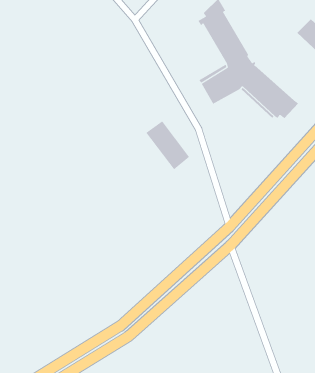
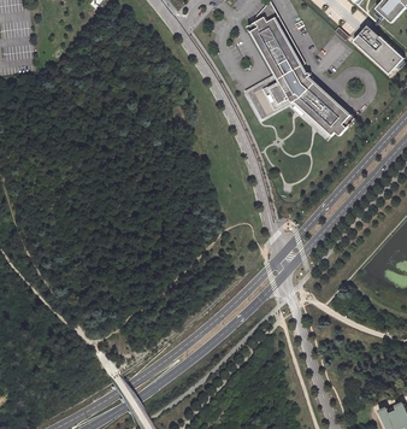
building: [145,121,190,170] -> none

